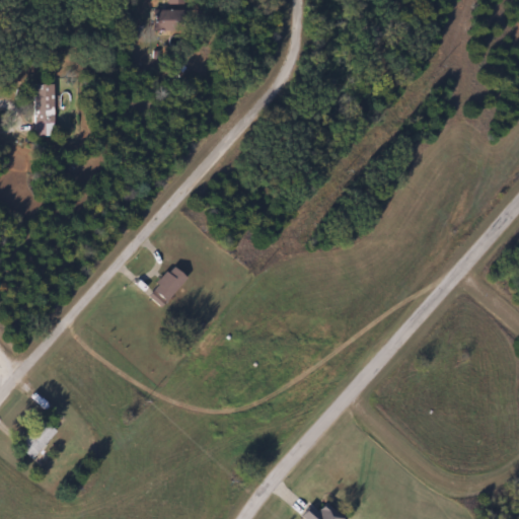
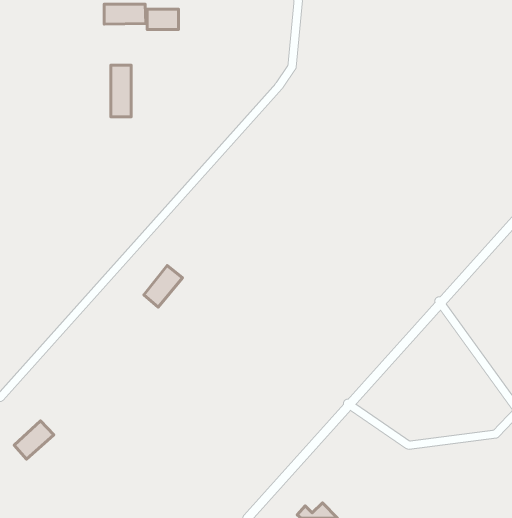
building: none -> [104,4,146,24]
building: [35,84,56,136] -> [111,65,131,117]

